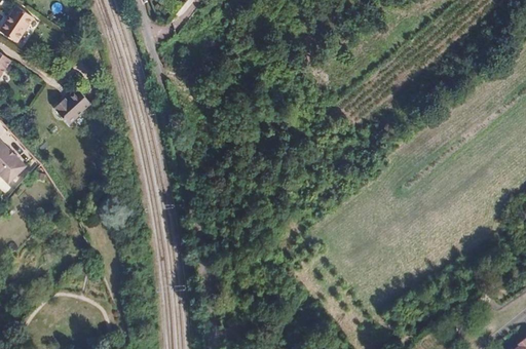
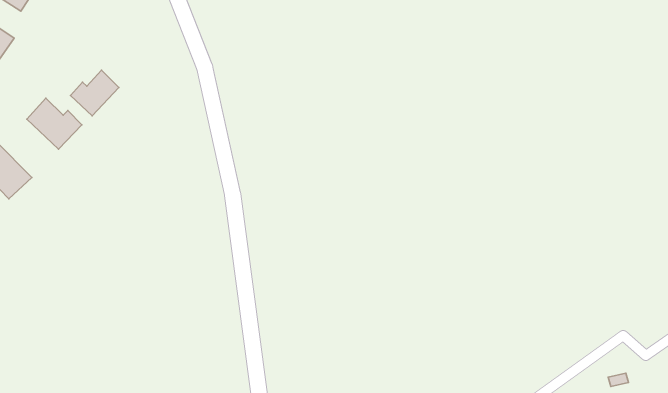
building: none -> [27,98,82,149]

